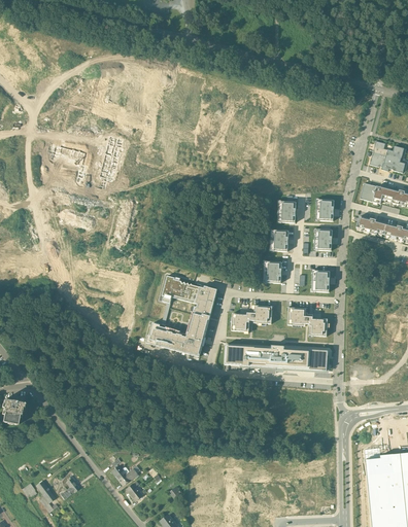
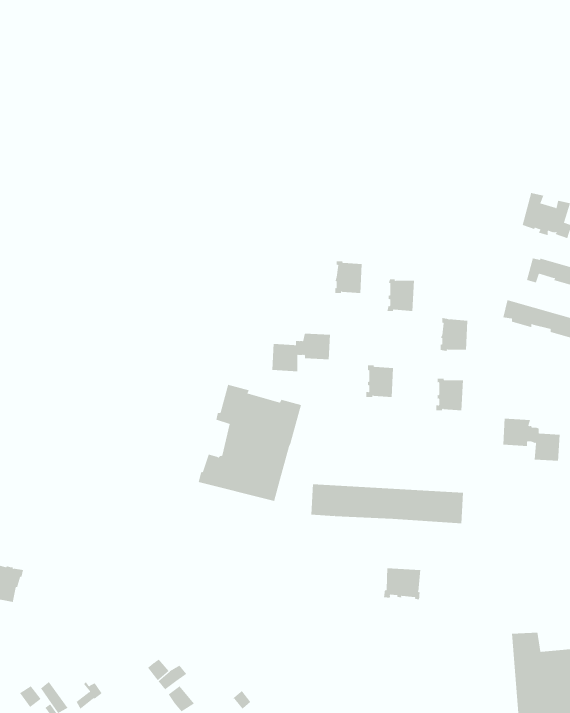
building: [315,199,335,221] -> none
building: [270,229,290,251] -> [334,261,363,294]
building: [232,305,273,331] -> [271,333,331,372]
building: [288,307,329,337] -> [502,418,560,461]
building: none -> [384,567,421,600]

